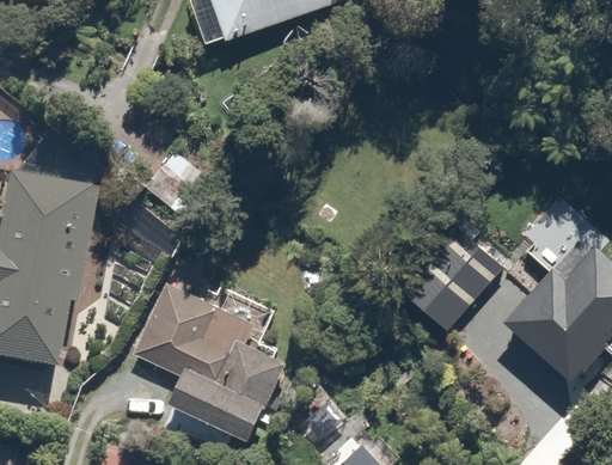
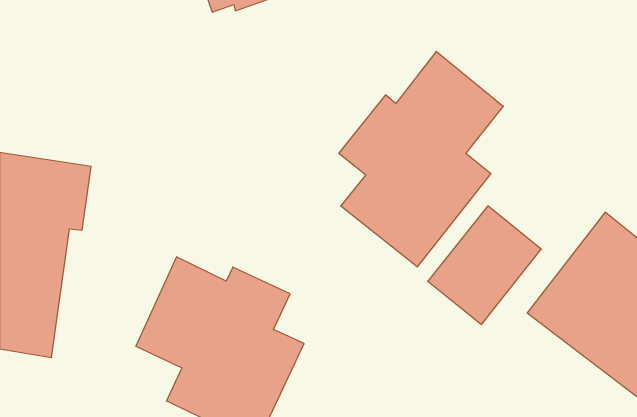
building: none -> [339,52,503,267]

